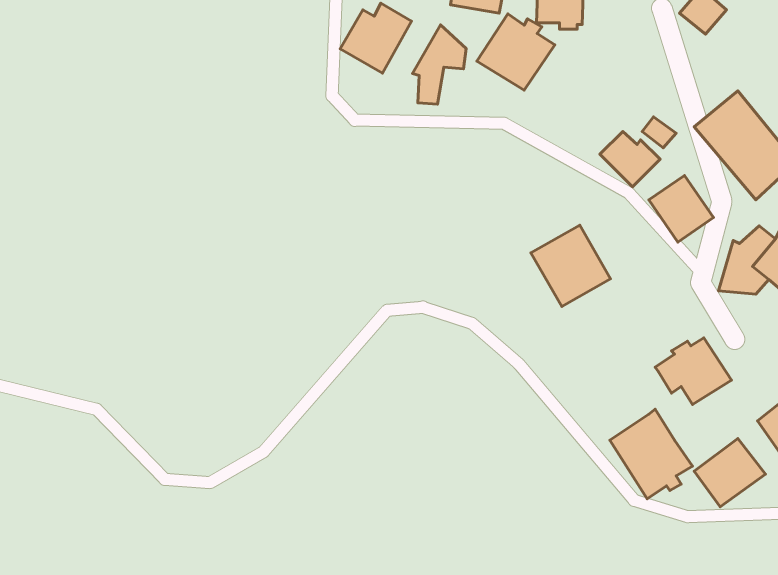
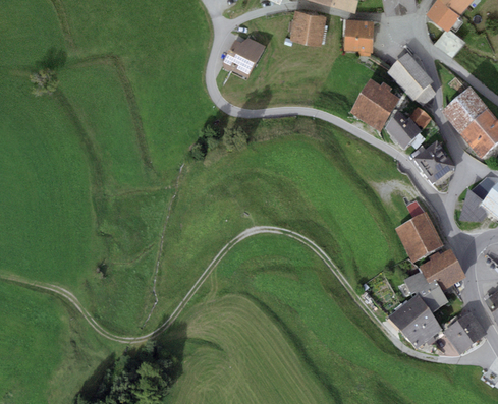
building: [477,14,555,90] -> [351,83,400,131]
building: [413,25,466,104] -> none
building: none -> [388,57,433,102]
building: [531,225,611,306] -> [394,209,444,259]
building: none -> [404,268,449,310]

